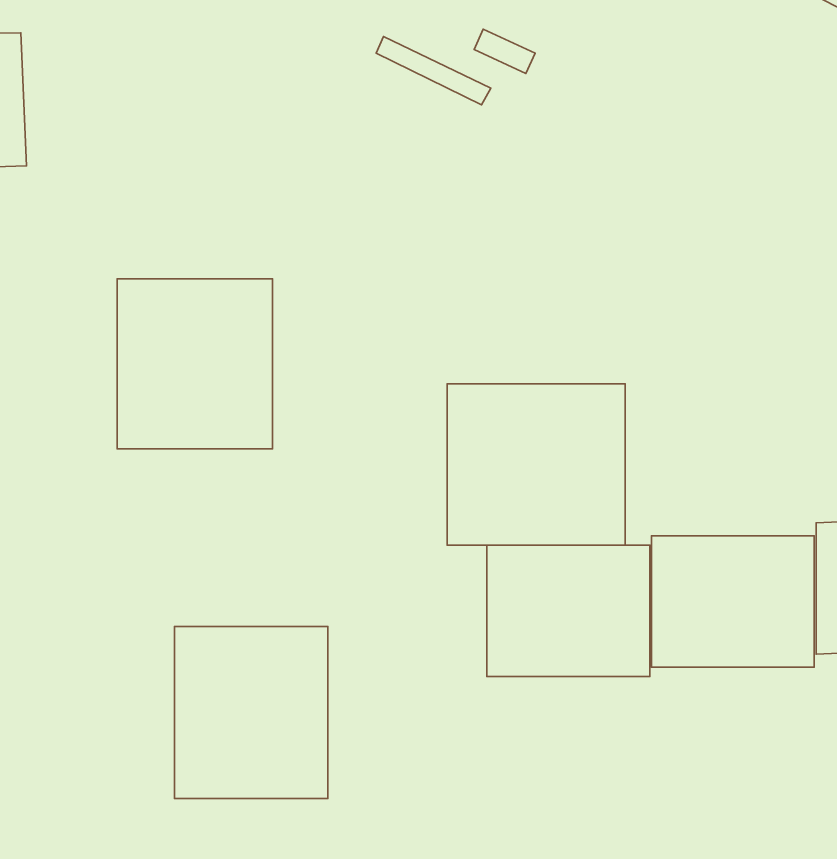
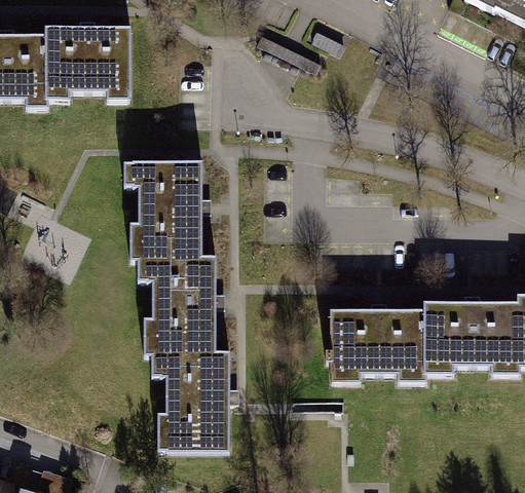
building: none -> [62,17,147,94]
building: [447,384,625,545] -> none
building: none -> [134,260,219,355]

